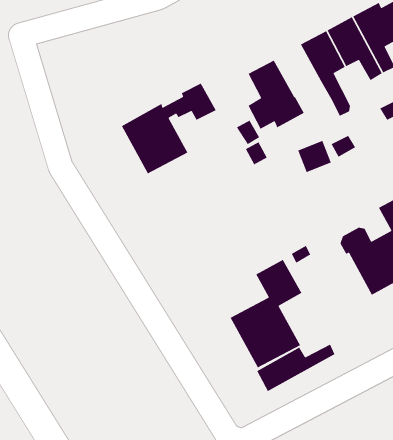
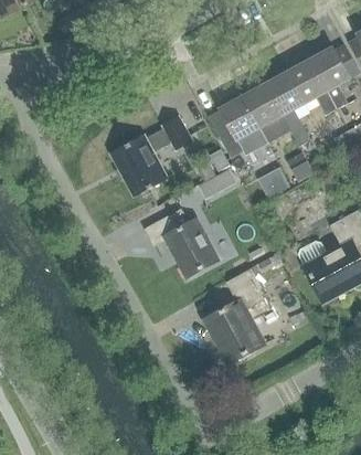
building: none -> [242,83,290,142]
building: none -> [144,209,217,276]
building: [256,343,335,392] -> none

